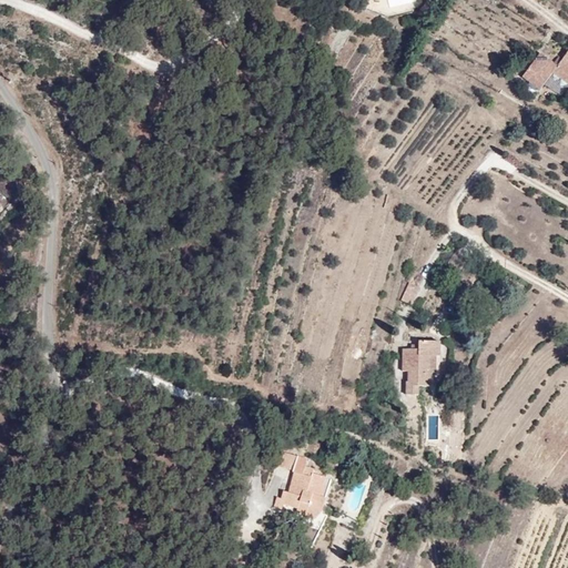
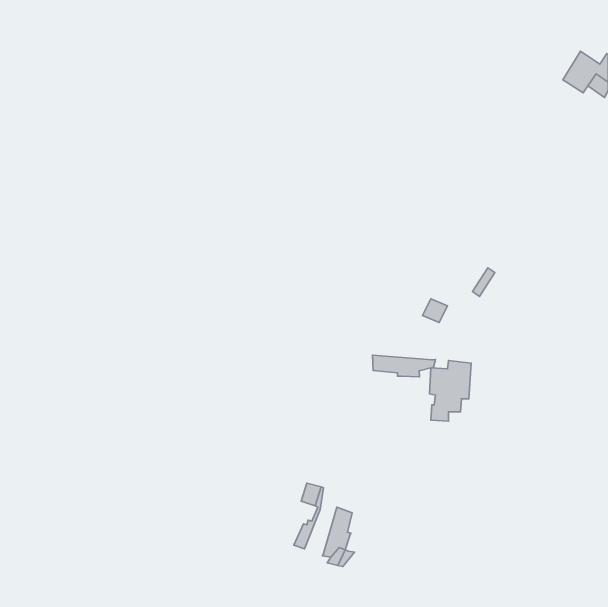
building: none -> [373,355,436,377]
building: [286,456,316,517] -> none

